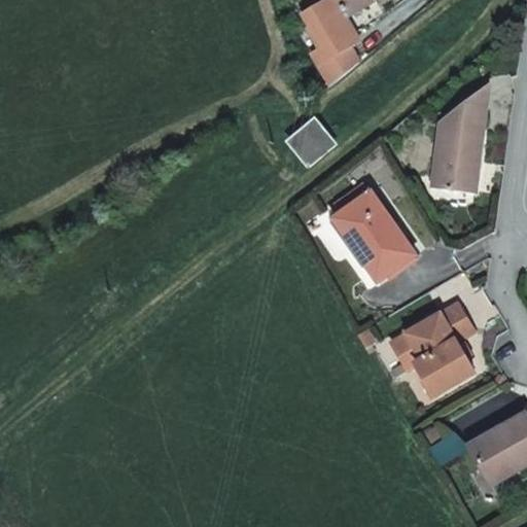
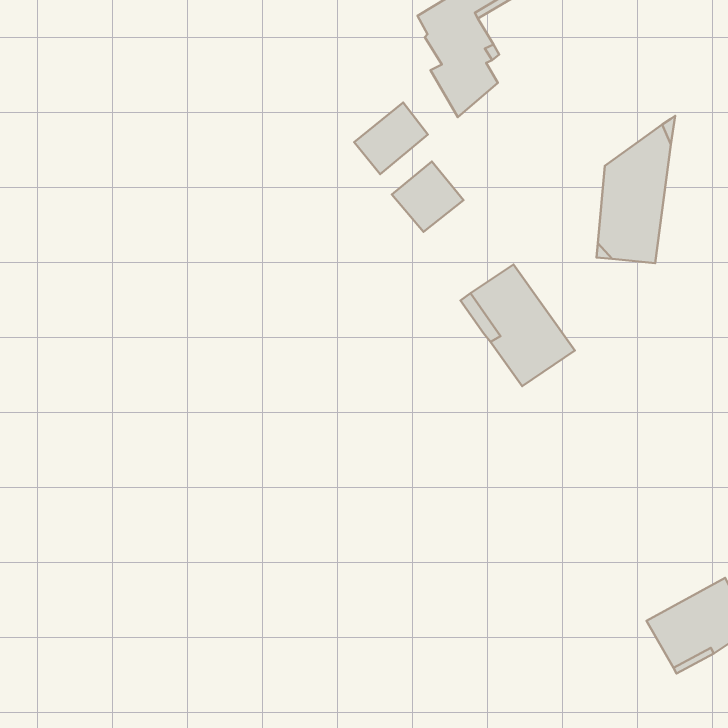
building: none -> [354,102,428,174]
building: [391,305,473,395] -> none

